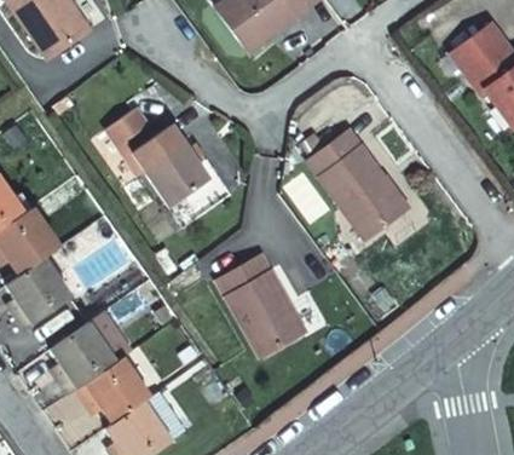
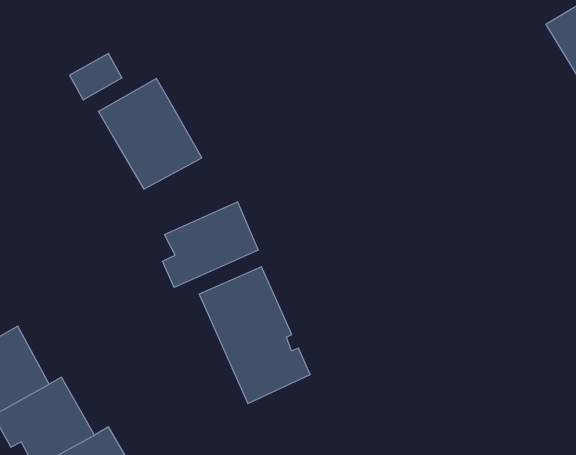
building: [306,125,403,234] -> none
building: none -> [163,202,258,287]

